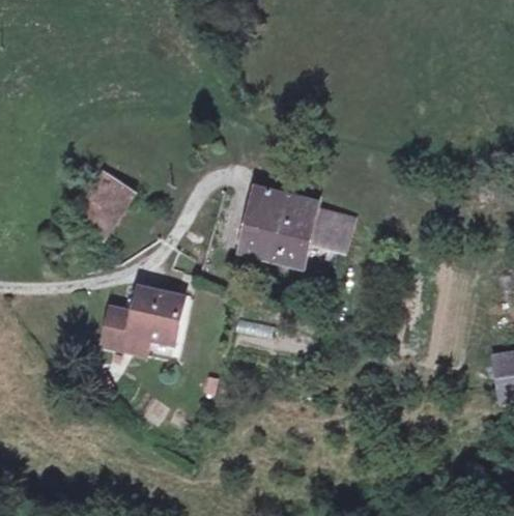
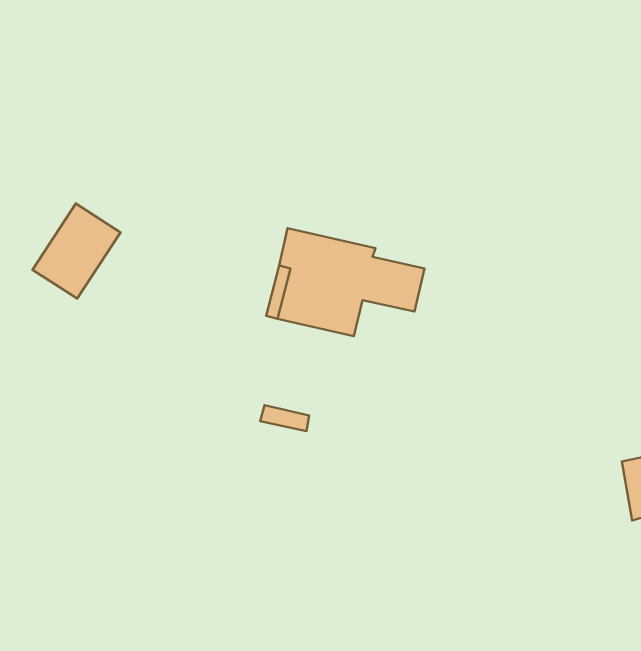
building: [103,287,182,357] -> none

